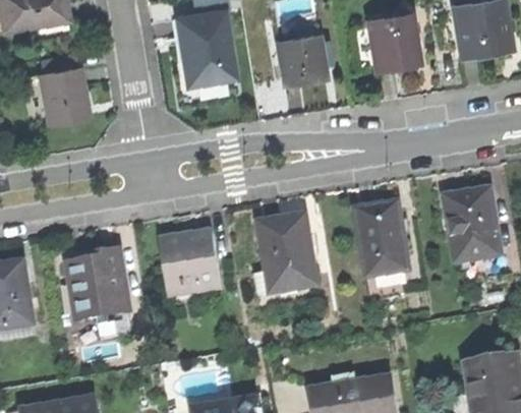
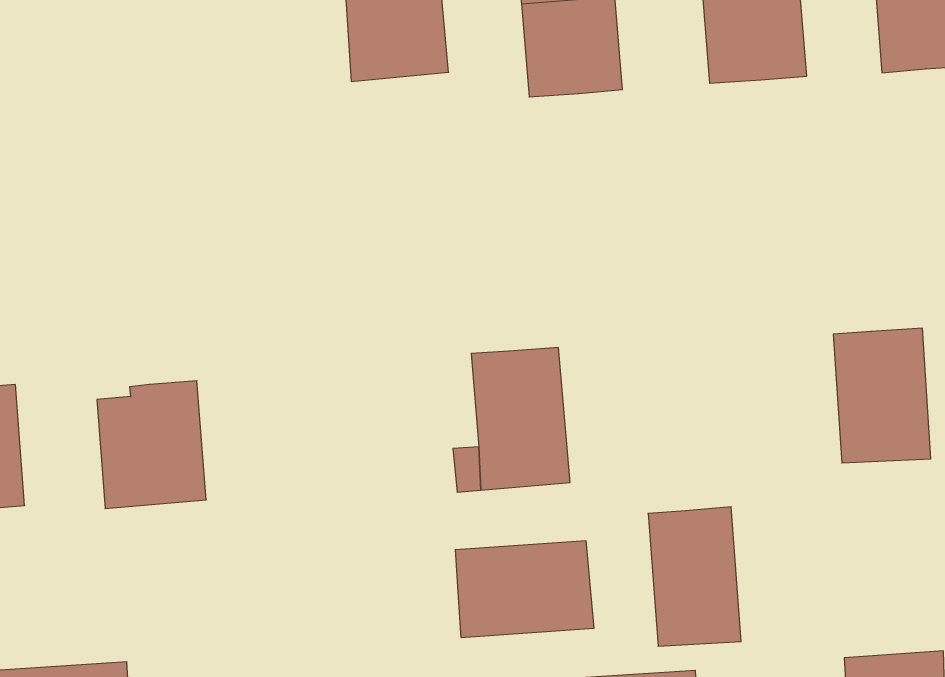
building: [35,64,90,125] -> none
building: [357,201,411,277] -> [648,507,741,646]
building: [162,229,223,290] -> none
building: none -> [455,541,594,638]

